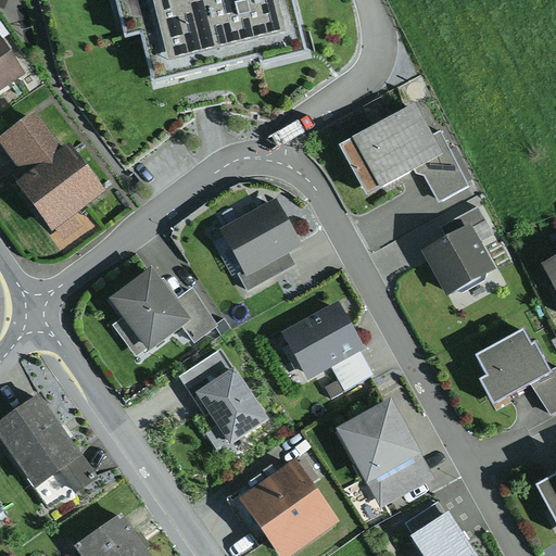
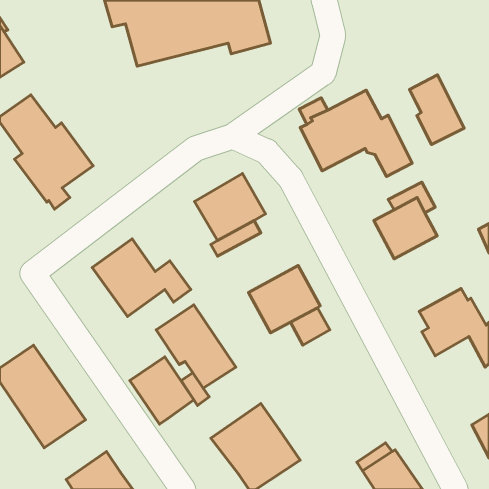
building: none -> [410,75,464,145]
building: [336,396,435,507] -> none
building: none -> [130,357,194,424]

